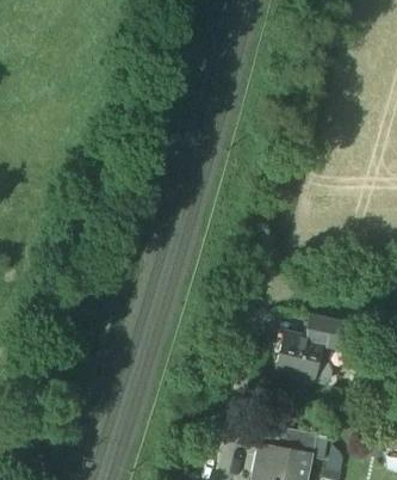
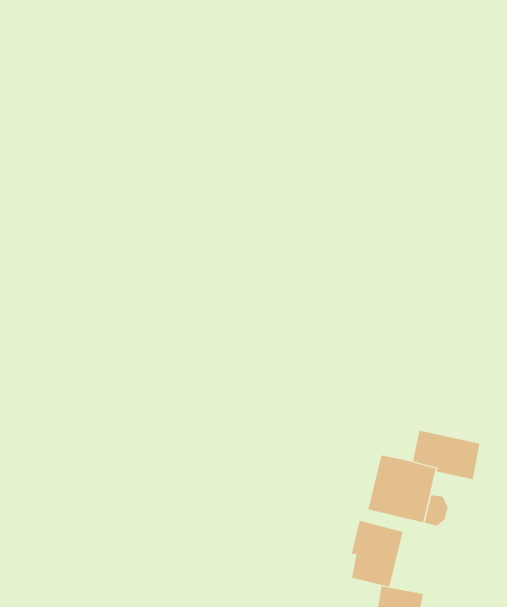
building: none -> [351,520,403,587]

